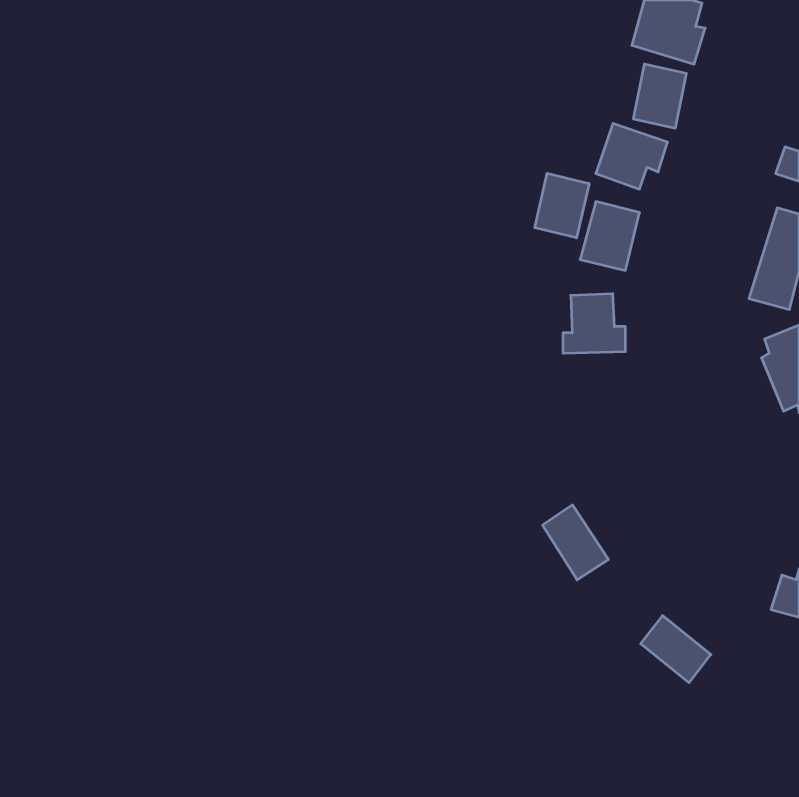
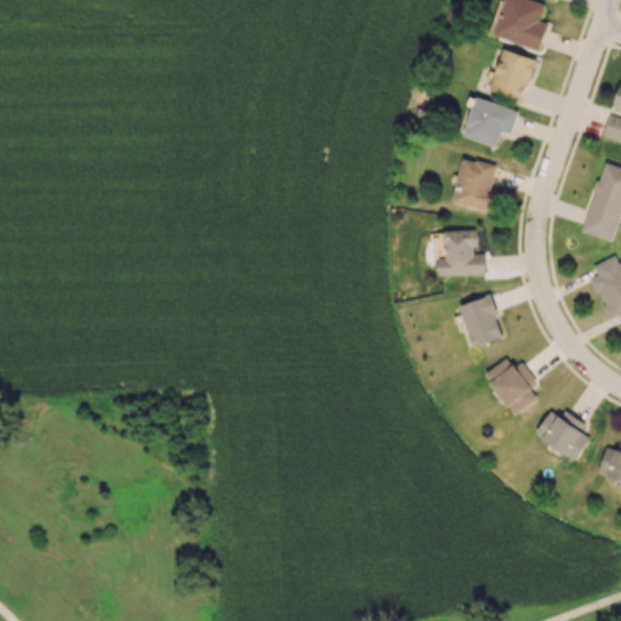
building: [535,173,589,238] -> none
building: none -> [458,295,503,347]
building: [543,505,608,580] -> [485,358,536,416]
building: [641,616,711,683] -> [535,410,589,462]

